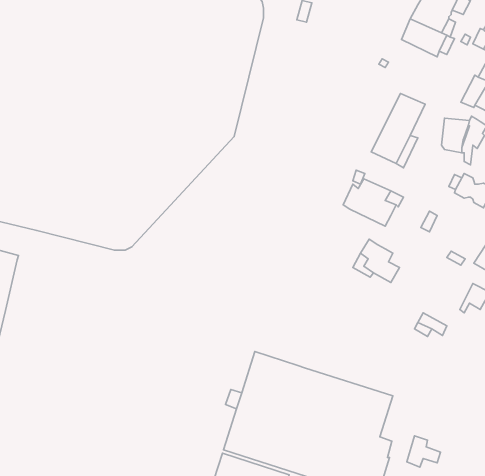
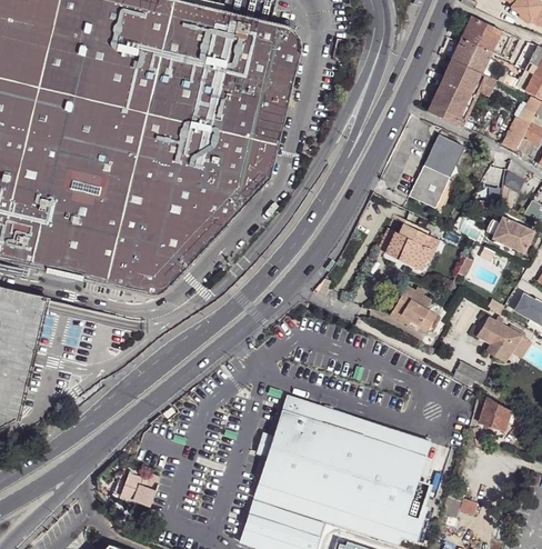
building: none -> [425,79,475,126]
building: none -> [475,316,512,357]
building: none -> [480,397,512,436]
building: none -> [123,476,160,506]

